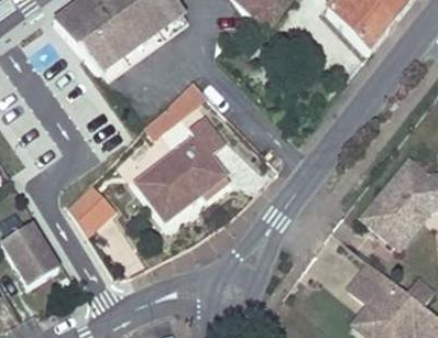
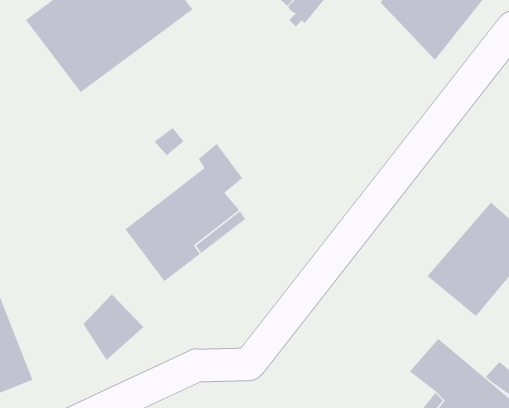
building: [68,183,114,233] -> [83,293,144,361]

